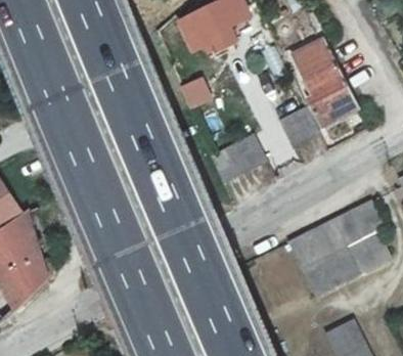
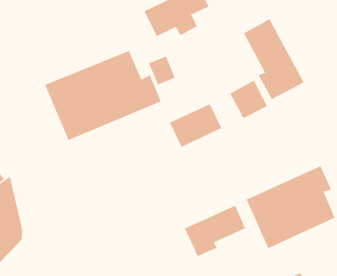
building: none -> [45,50,161,141]
building: none -> [184,205,246,257]

